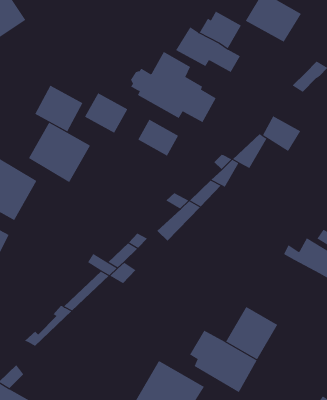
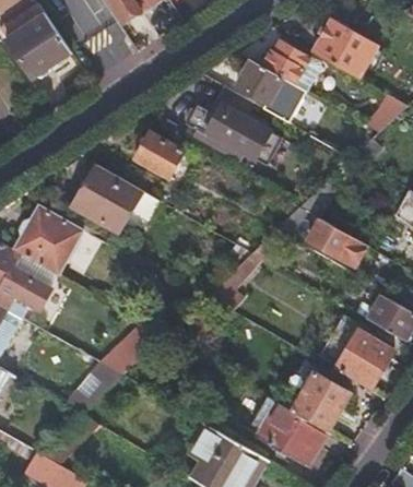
building: [35,85,83,132] -> none
building: [262,115,301,152] -> [308,218,352,259]
building: [138,119,179,157] -> none
building: none -> [317,320,393,385]

